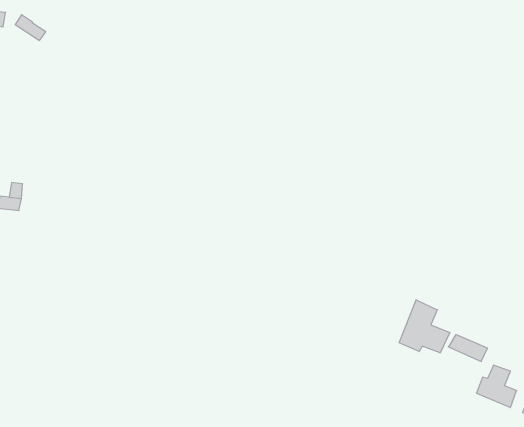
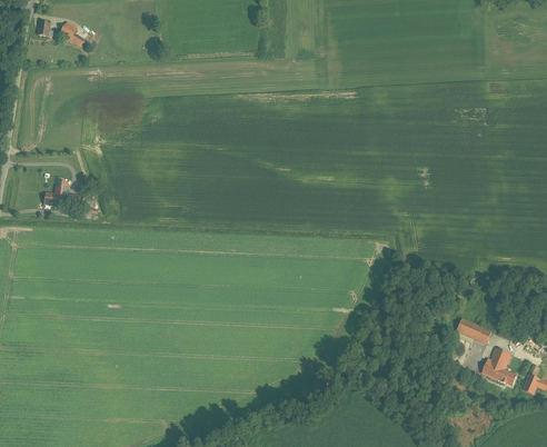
building: [399,300,450,353] -> none

